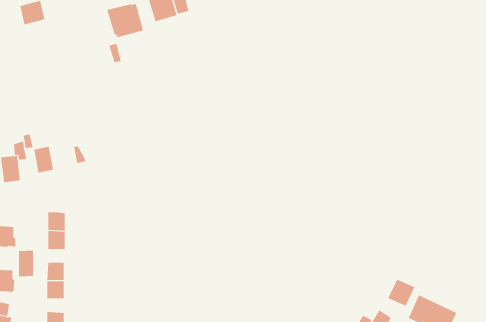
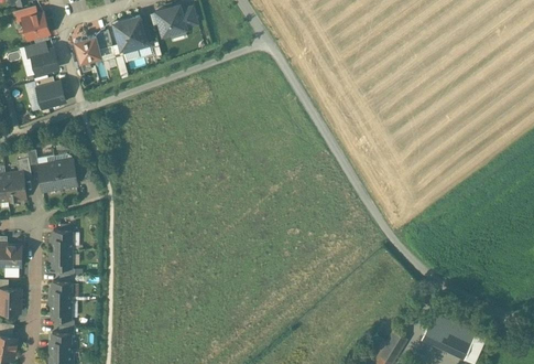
building: none -> [74,36,100,64]
building: none -> [30,50,58,75]
building: none -> [36,83,64,109]
building: none -> [54,162,76,189]
building: [19,250,34,277] -> none
building: [388,279,415,307] -> none

